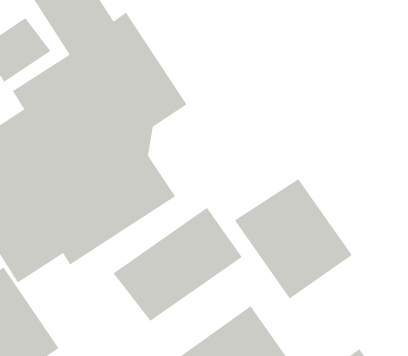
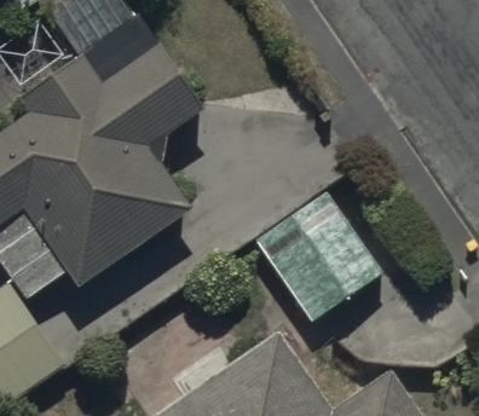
building: [112,207,243,322] -> none

